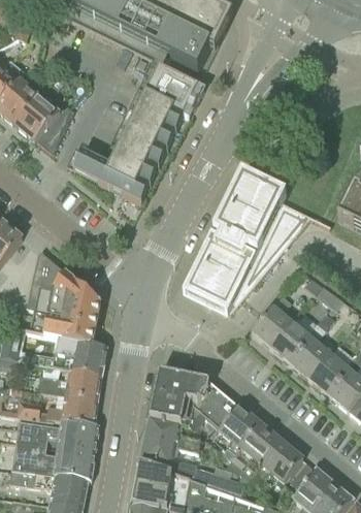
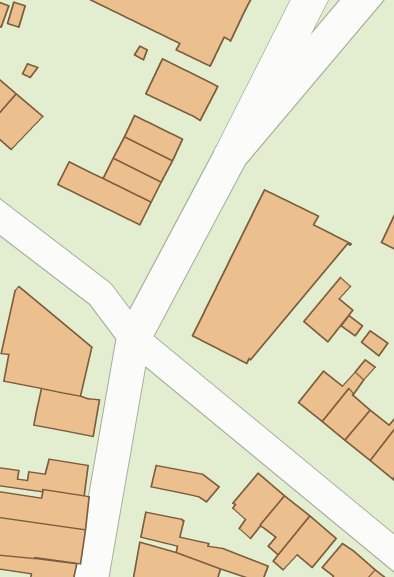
building: [135,93,184,130] -> none
building: [35,103,73,151] -> none
building: [250,293,290,346] -> [304,278,353,342]
building: [38,367,101,397] -> none
building: [153,368,234,424] -> none
building: [144,415,199,448] -> none

